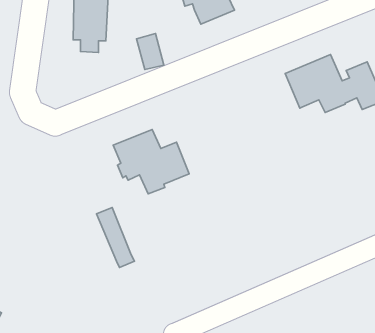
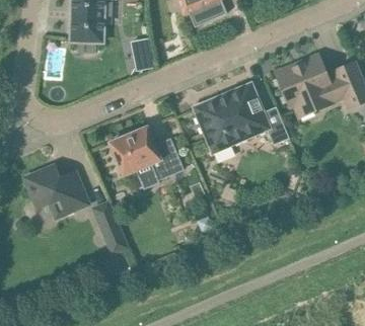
building: none -> [194,83,289,152]
building: none -> [24,165,88,217]

